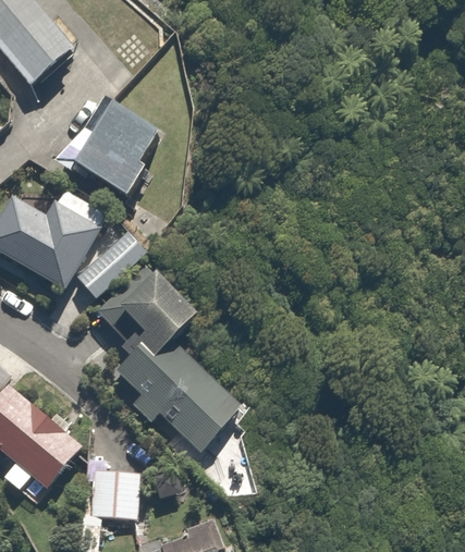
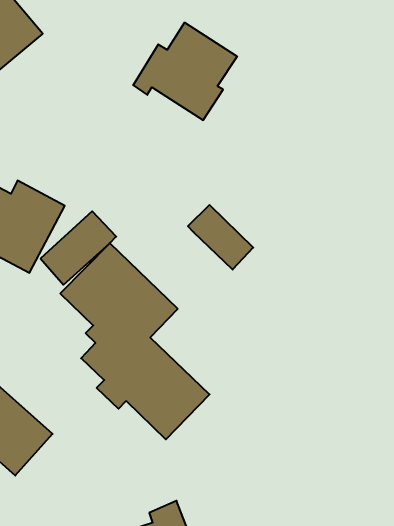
building: [58,102,161,199] -> [133,23,237,120]
building: none -> [188,205,253,270]
building: [87,464,138,516] -> none

